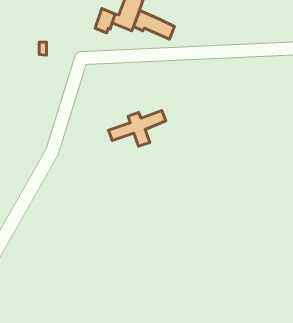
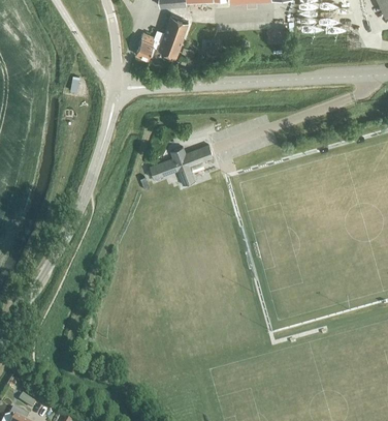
building: [134,11,175,39] -> none

